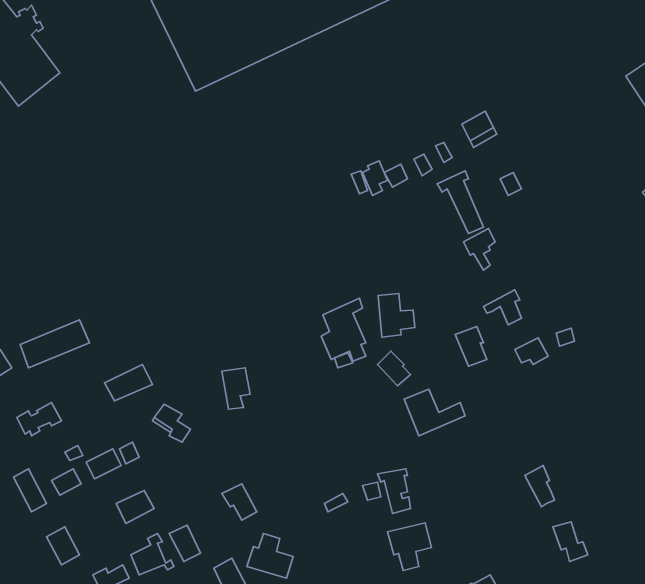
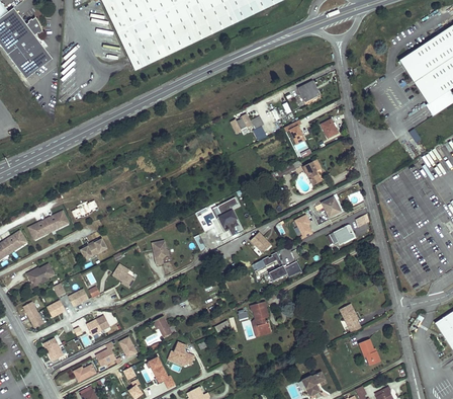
building: [378,293,415,337] -> none
building: [388,523,432,571] -> none

